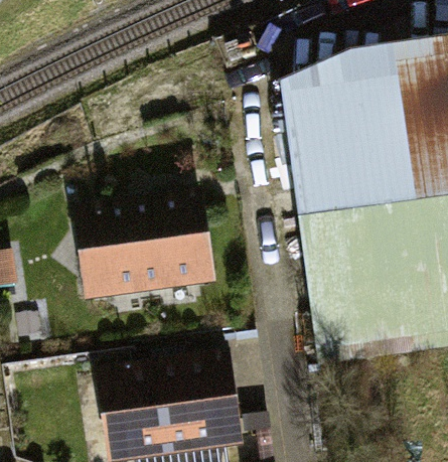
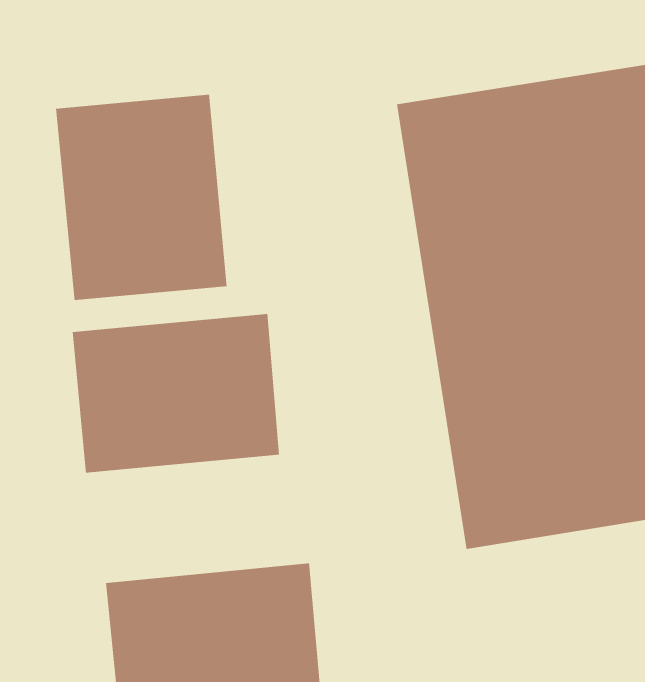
building: none -> [55,94,227,301]

